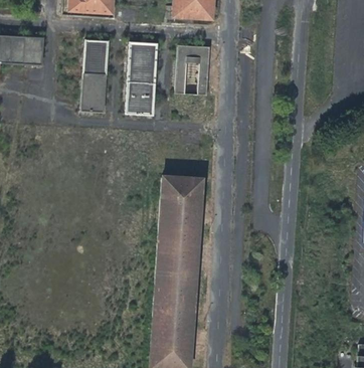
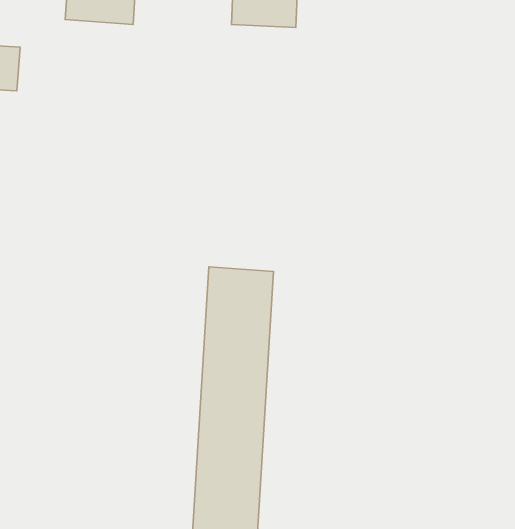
building: [80,37,109,112] -> none
building: [125,39,156,115] -> none
building: [176,44,210,96] -> none

